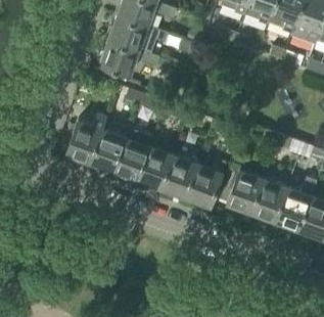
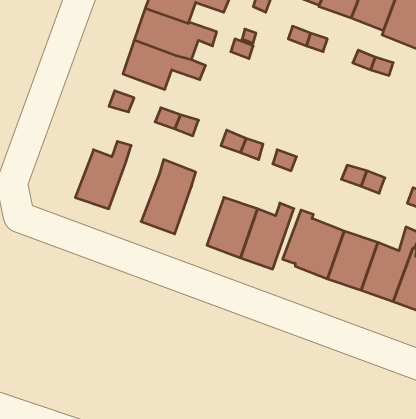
building: [90,129,127,172] -> none
building: [138,146,174,189] -> none

